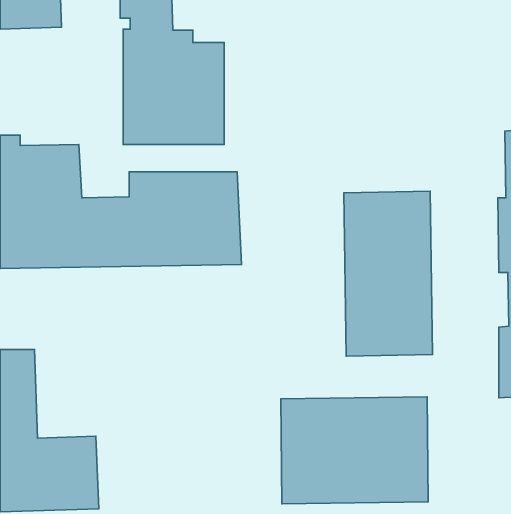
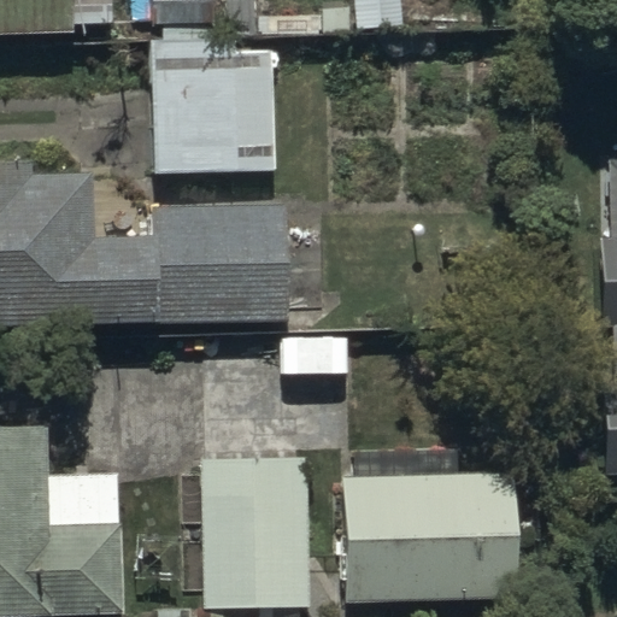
building: [344,191,432,356] -> none
building: none -> [200,457,306,607]

